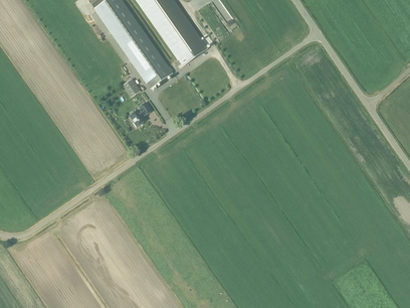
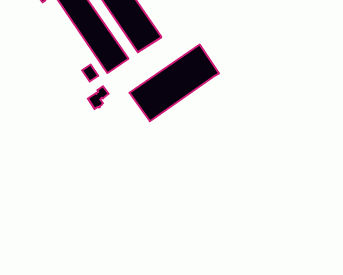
building: none -> [129,45,219,121]

